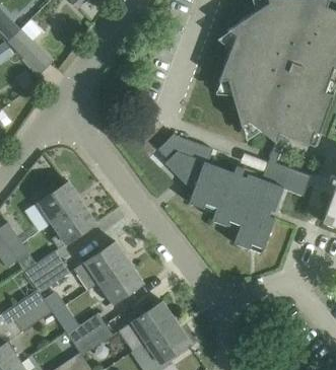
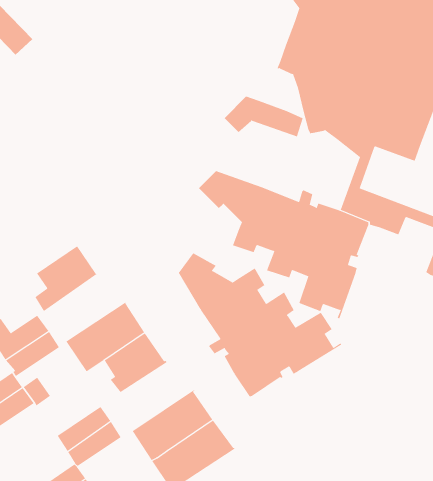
building: [157,135,212,163] -> [224,96,303,137]
building: [36,182,81,223] -> none
building: none -> [178,252,342,397]

